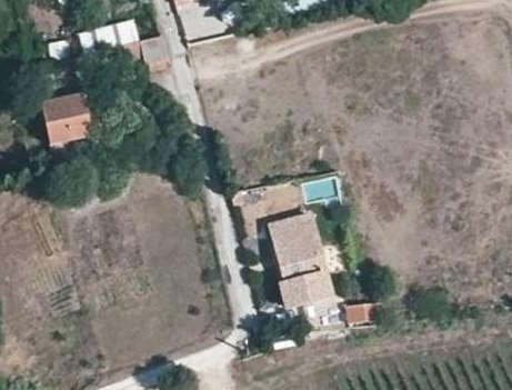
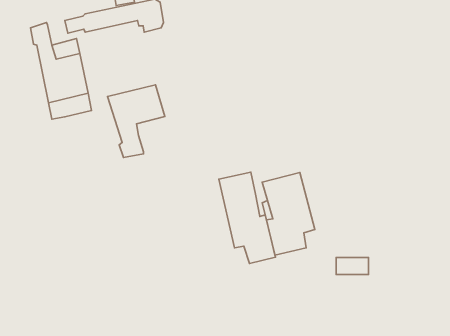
building: none -> [108,85,165,158]
building: none -> [219,172,275,264]

